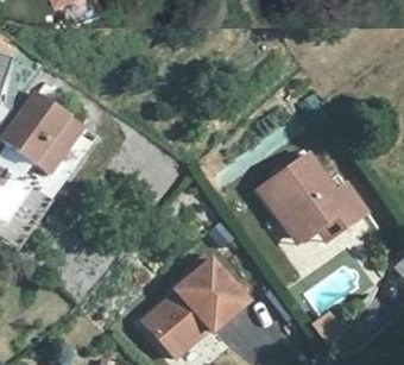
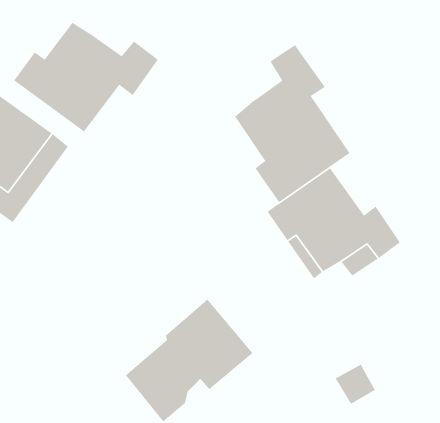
building: none -> [13,22,159,133]
building: none -> [234,44,351,203]

